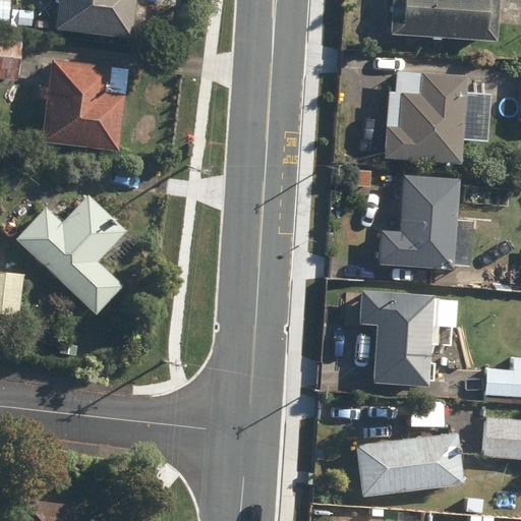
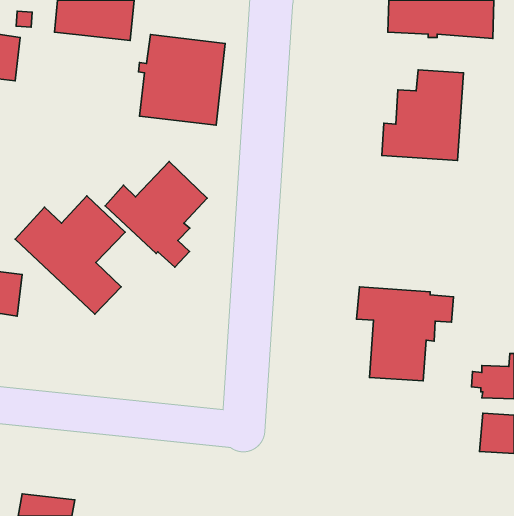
building: [40,62,127,154] -> [138,34,225,125]
building: none -> [105,161,207,267]
building: [378,167,472,268] -> none
building: [354,429,463,496] -> none

